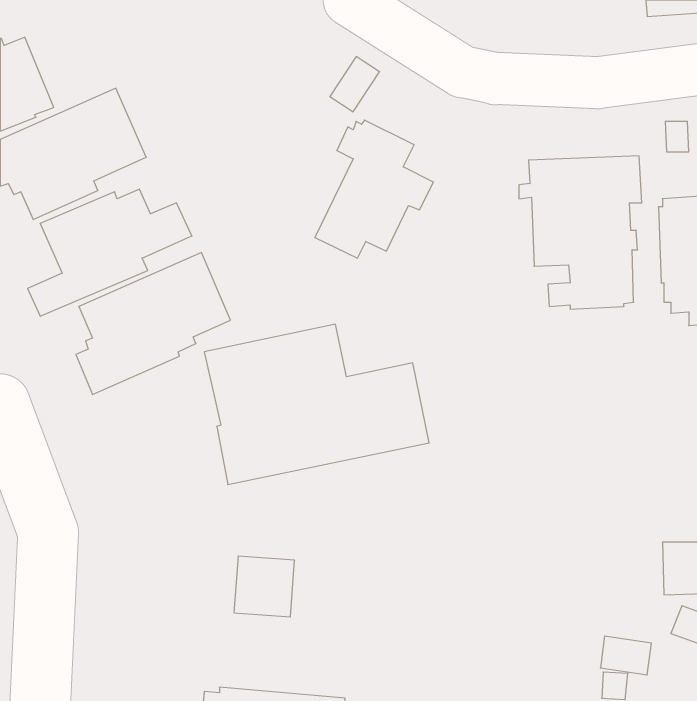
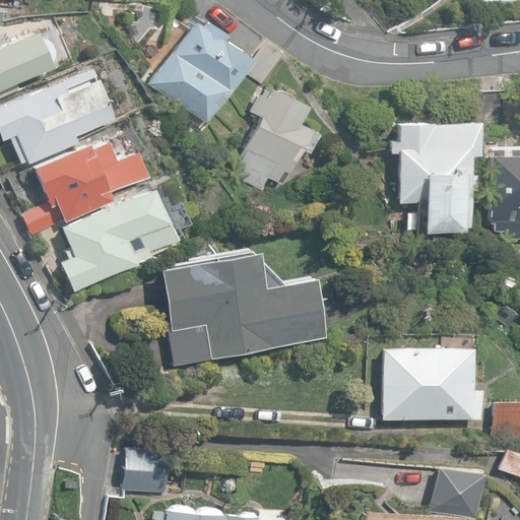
building: none -> [153,22,251,123]
building: none -> [385,348,482,420]
building: [234,556,295,617] -> [126,449,171,494]

